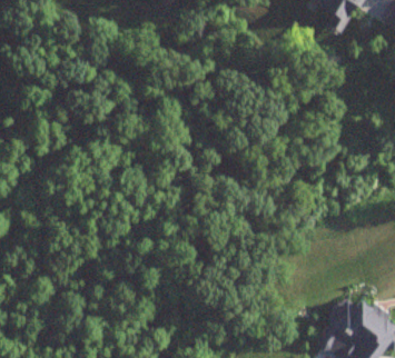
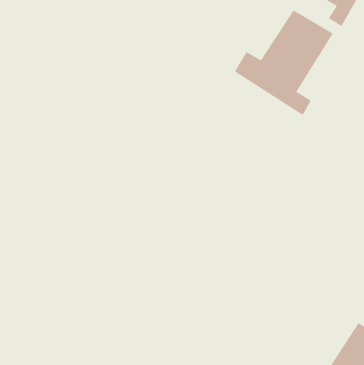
building: none -> [234,9,333,116]

